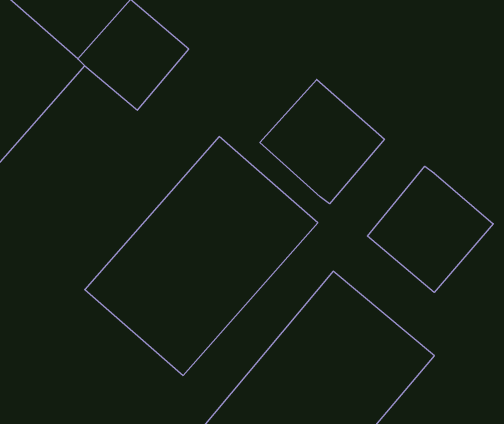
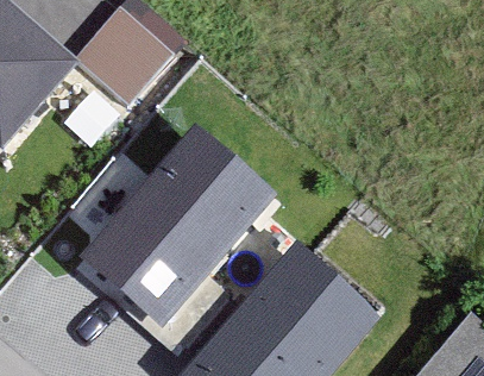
building: [260,79,384,204] -> none
building: [367,166,493,292] -> none

